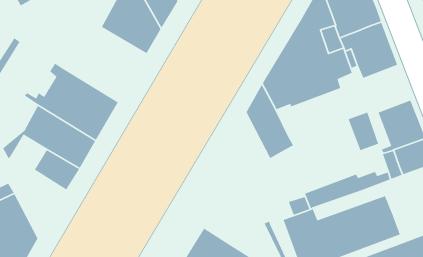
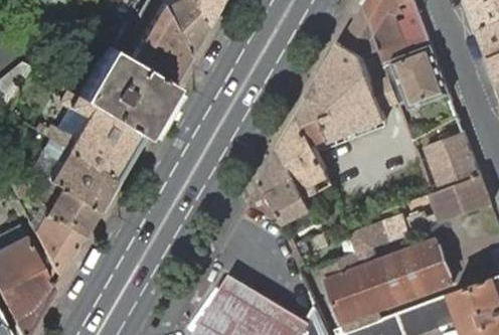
building: none -> [74,46,170,138]
building: [348,111,379,151] -> none
building: none -> [260,149,323,235]
building: none -> [32,213,80,279]

